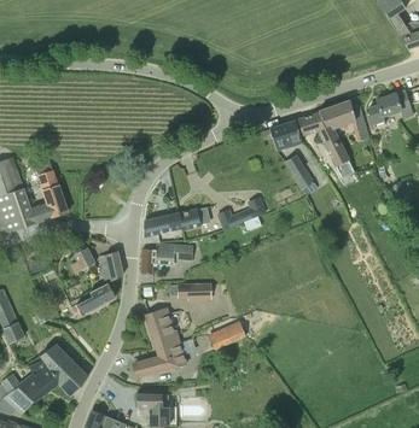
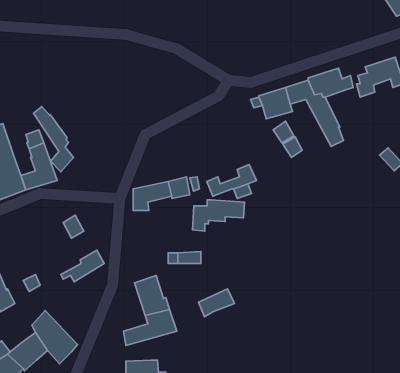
building: none -> [34,106,74,172]
building: [141,242,193,274] -> [193,200,245,231]
building: [99,250,123,283] -> none

